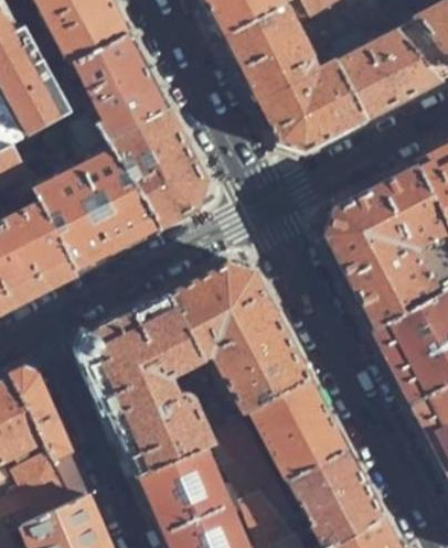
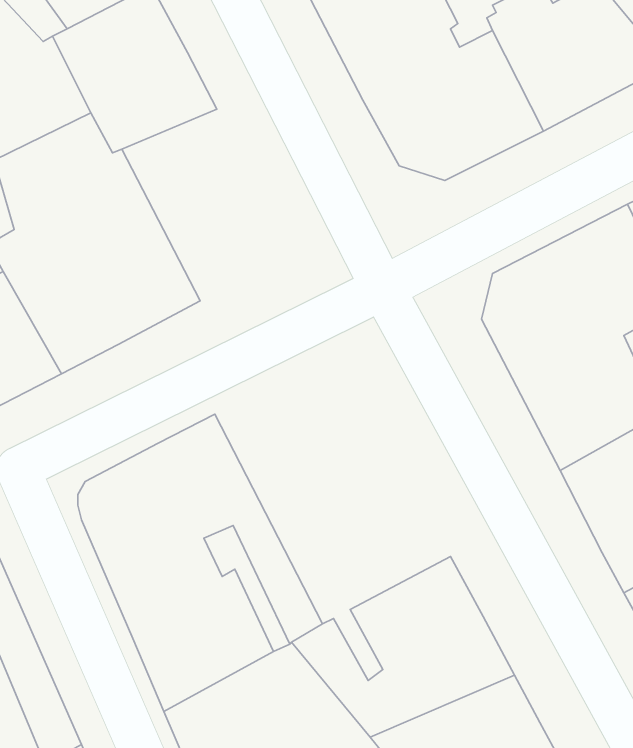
building: [110,108,205,224] -> none
building: [167,262,309,419] -> none

